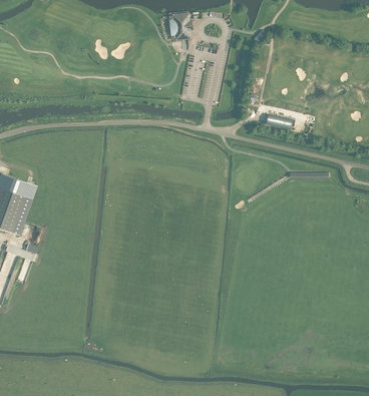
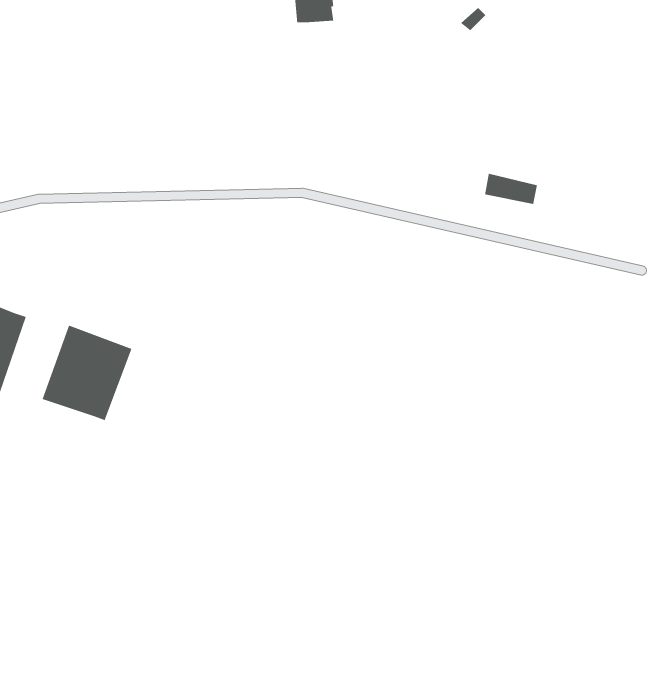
building: none -> [42,325,133,421]

